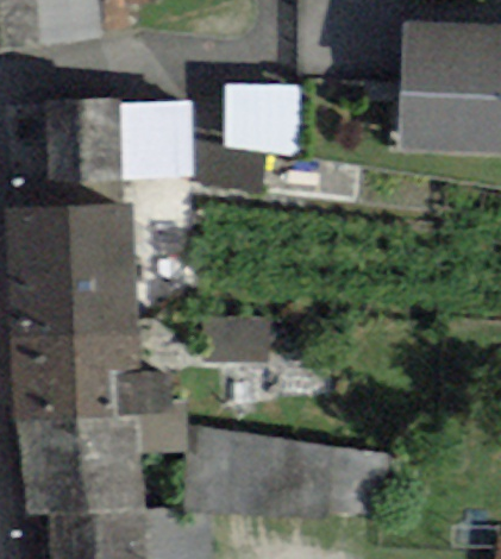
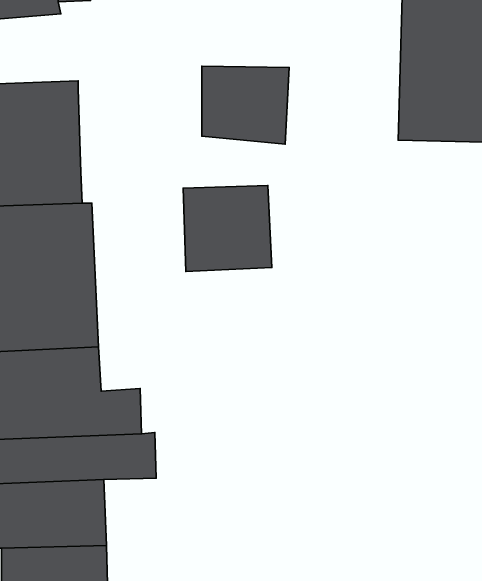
building: [115,101,194,177] -> [183,186,272,271]
building: [183,423,384,516] -> none

